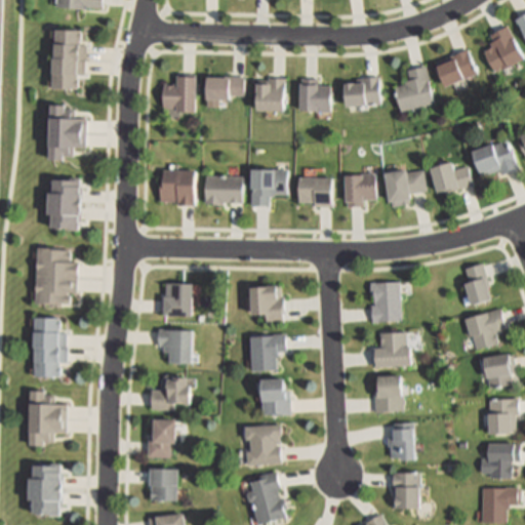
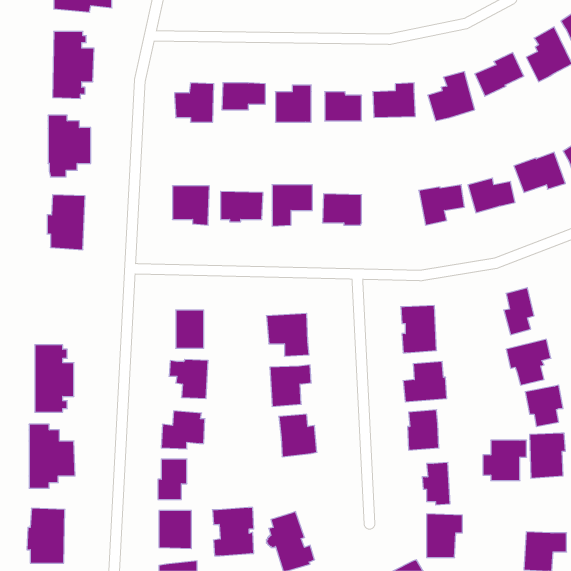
building: [347,173,375,207] -> none
building: [31,246,79,306] -> none
building: [242,423,280,468] -> [212,508,254,556]
building: [480,444,520,481] -> [483,440,527,481]

